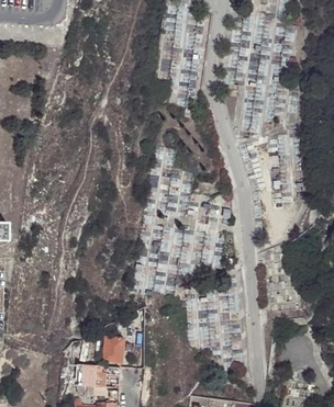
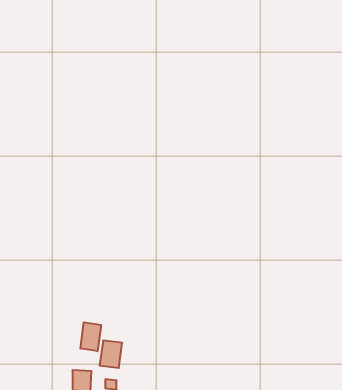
building: none -> [80,322,101,351]

